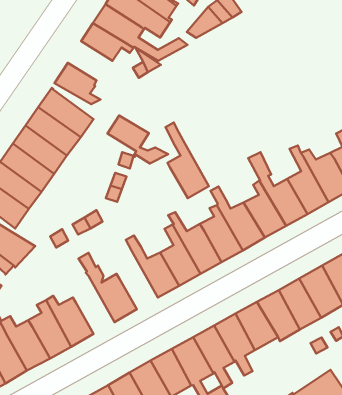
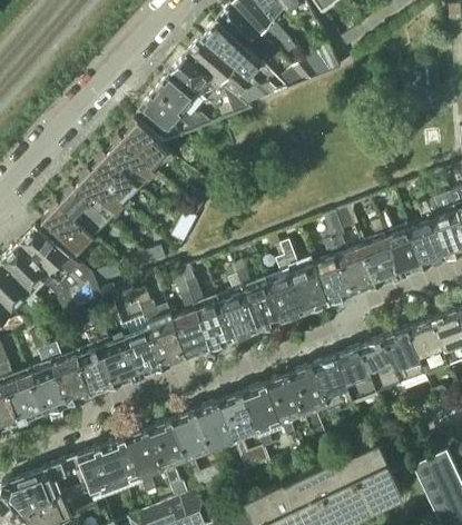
building: [107,115,168,163] -> [155,78,214,131]
building: [166,123,209,198] -> [174,277,213,356]
building: none -> [126,315,165,375]

